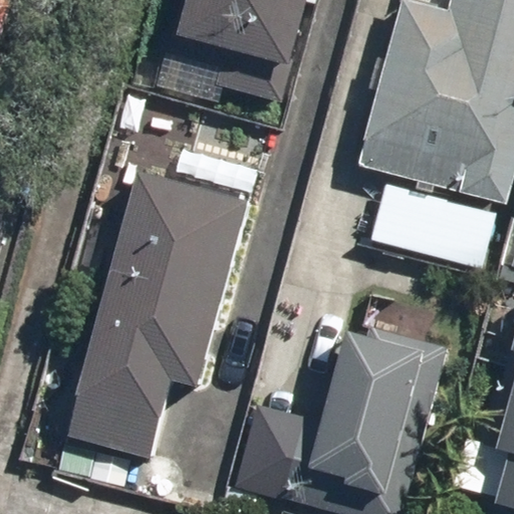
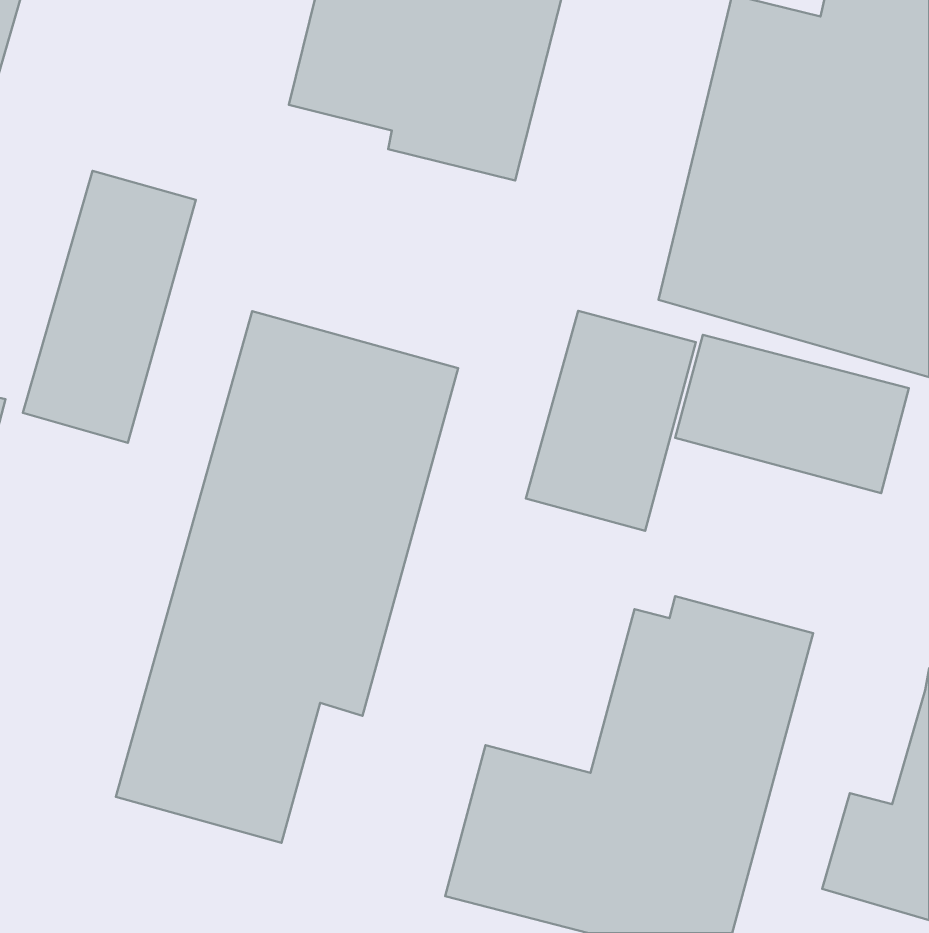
building: none -> [23,171,196,443]
building: none -> [526,311,696,531]

